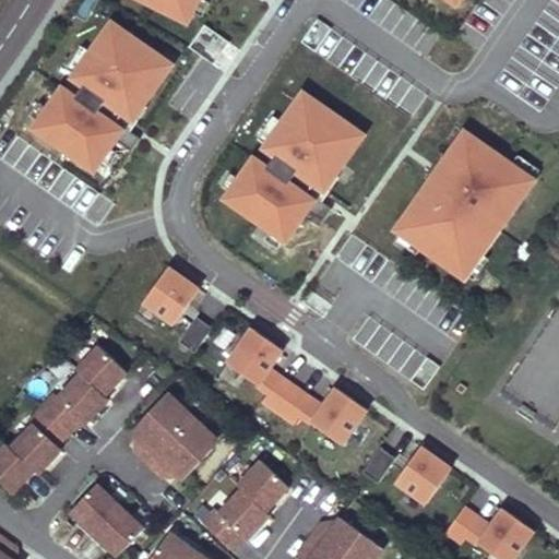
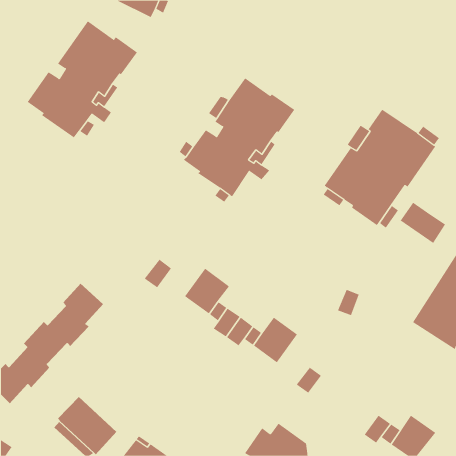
building: none -> [400,202,446,244]
building: [143,267,198,324] -> none
building: [131,400,213,480] -> none
building: [394,448,450,504] -> none
building: [203,461,289,549] -> none

